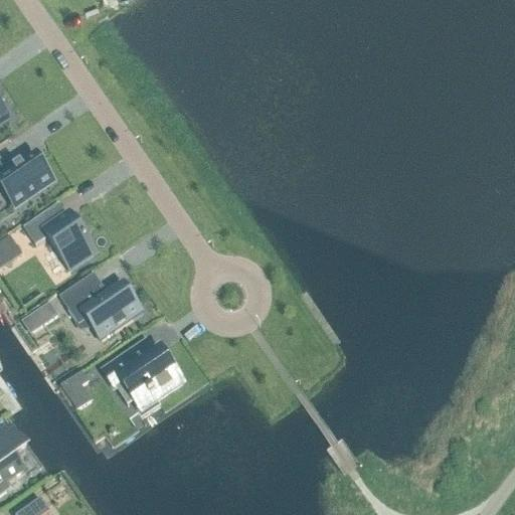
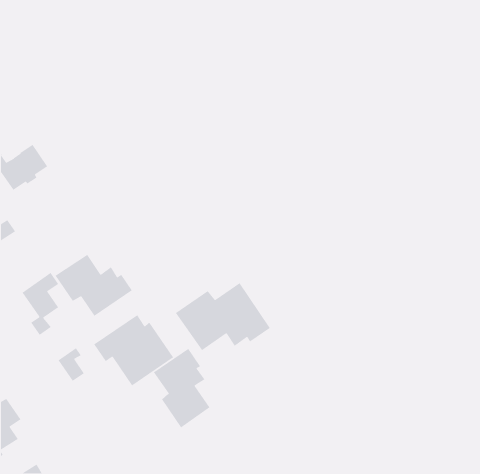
building: [27,211,92,266] -> none
building: none -> [175,282,271,351]
building: none -> [153,348,211,429]

